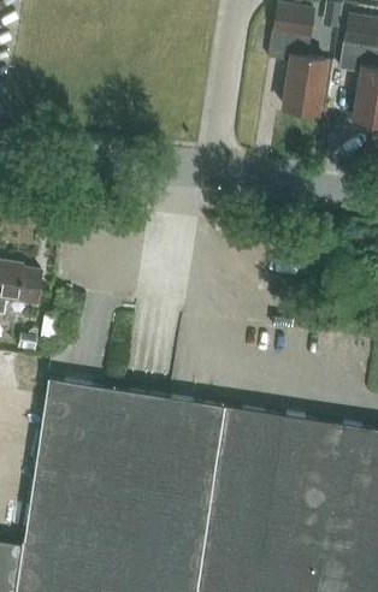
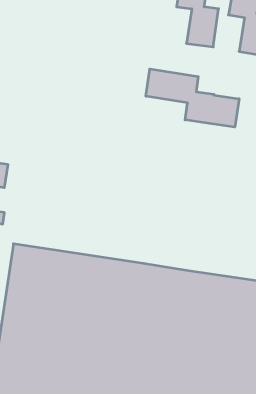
building: none -> [146,69,239,127]

